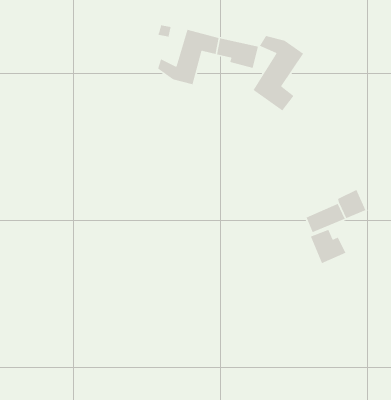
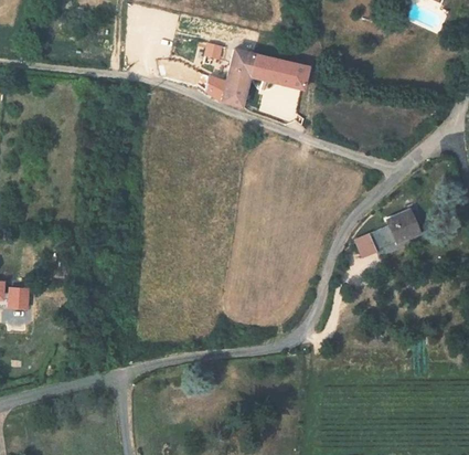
building: [252,35,304,112] -> none
building: [310,229,347,264] -> none

